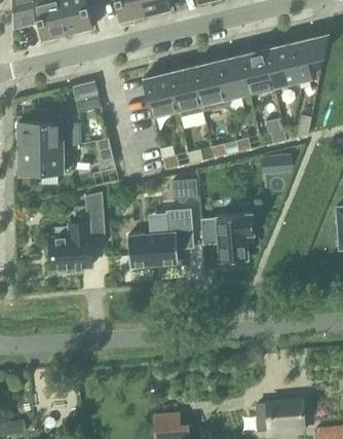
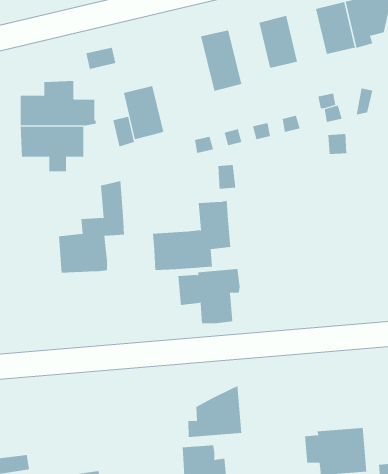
building: [239,49,272,94] -> none
building: [191,61,227,112] -> none
building: [143,72,179,118] -> [123,86,166,141]
building: [200,214,253,260] -> [178,268,241,324]
building: none -> [188,385,242,438]

